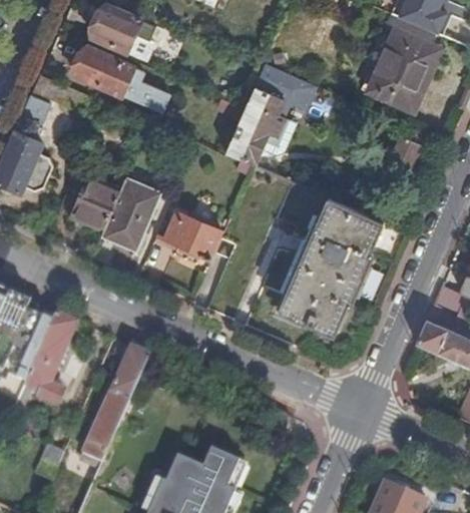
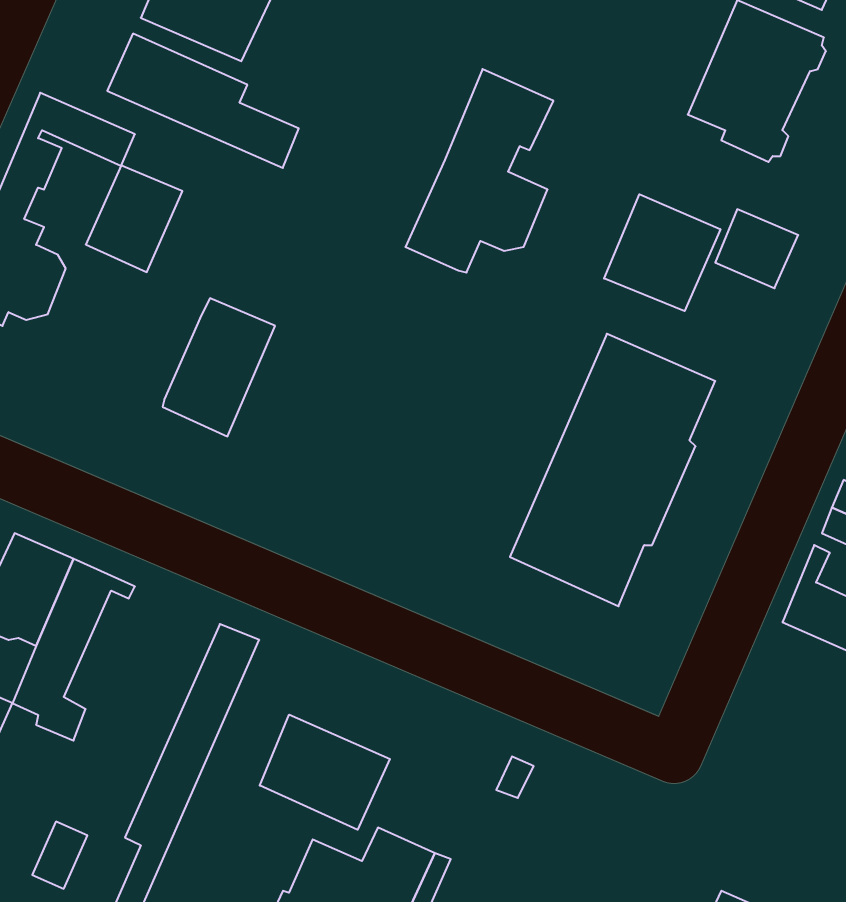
building: none -> [604,194,720,311]
building: [70,176,119,230] -> [86,165,182,272]
building: [162,212,221,265] -> none
building: none -> [260,715,390,830]

